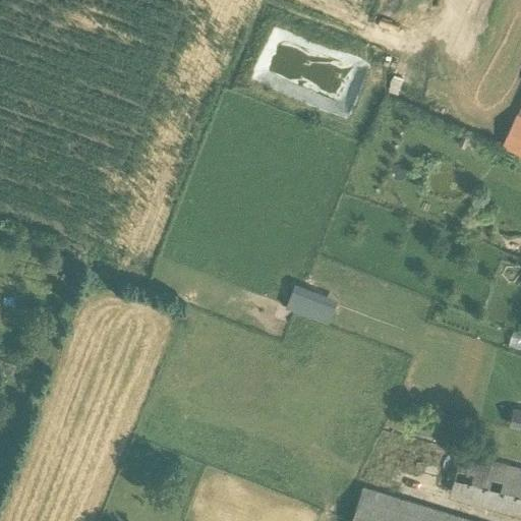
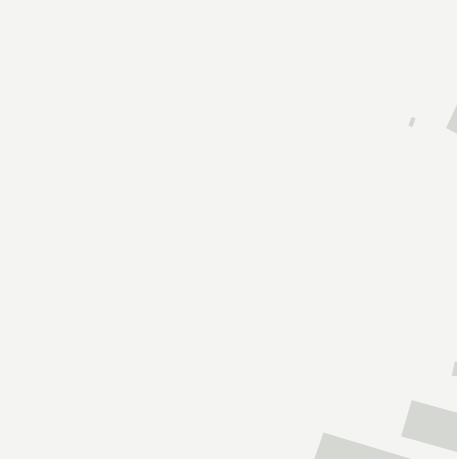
building: [289,286,325,317] -> none

